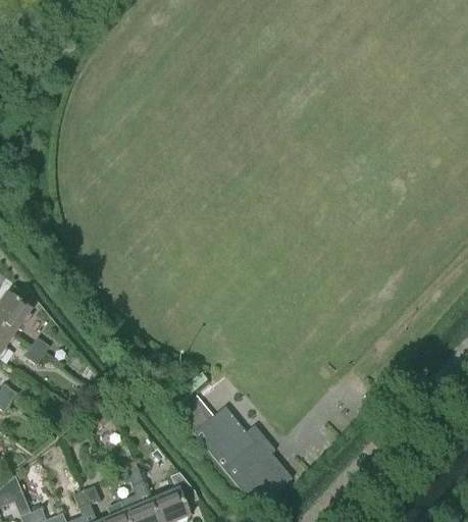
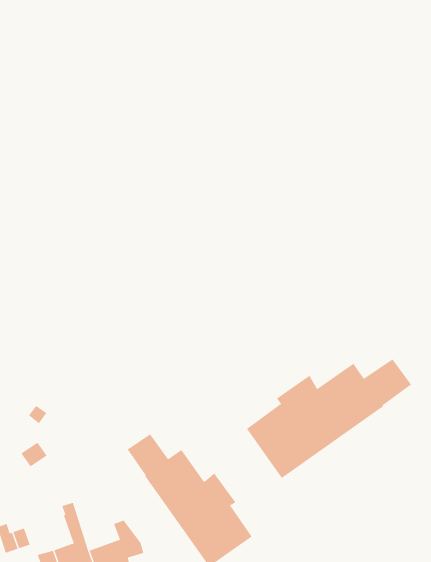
building: none -> [246,359,412,479]

